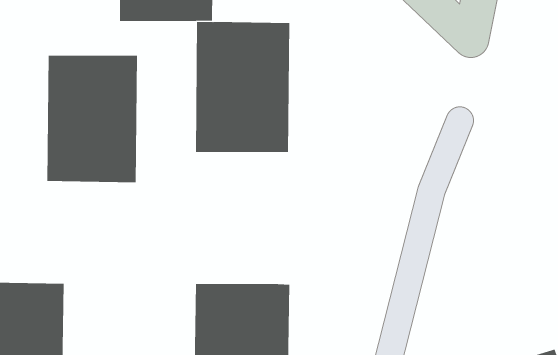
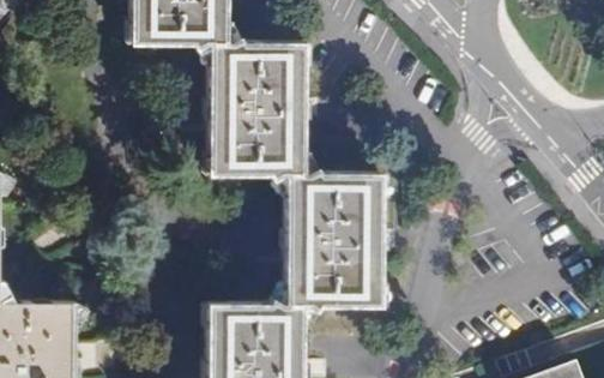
building: [47,55,137,183] -> none
building: none -> [285,173,382,306]

